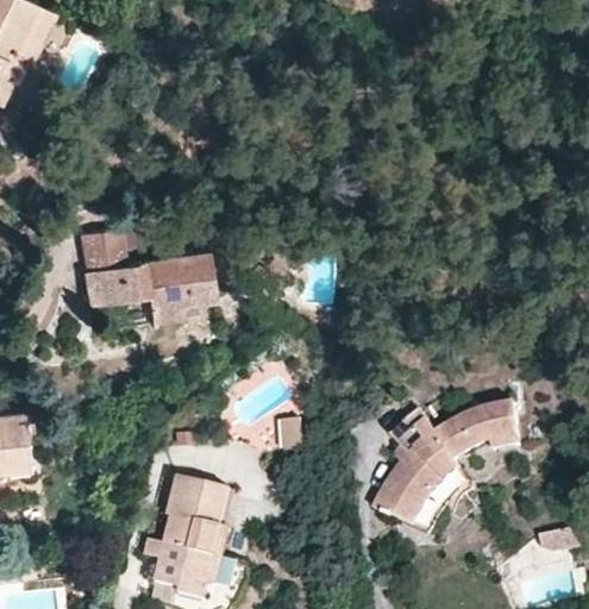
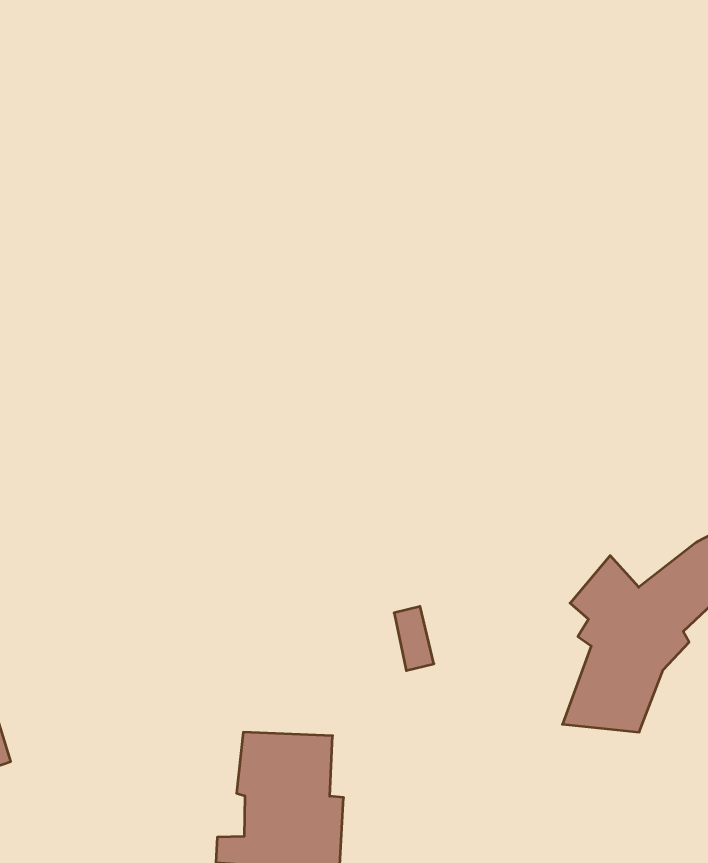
building: [80,228,214,320] -> none

